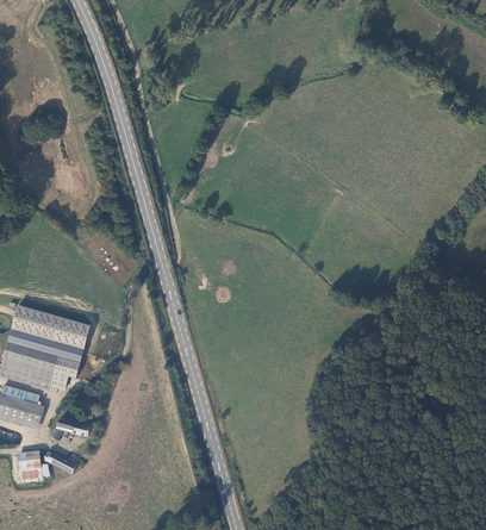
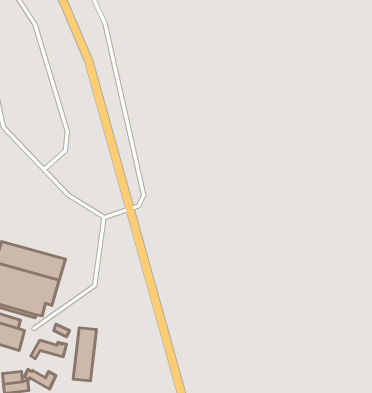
building: none -> [73,328,97,381]

